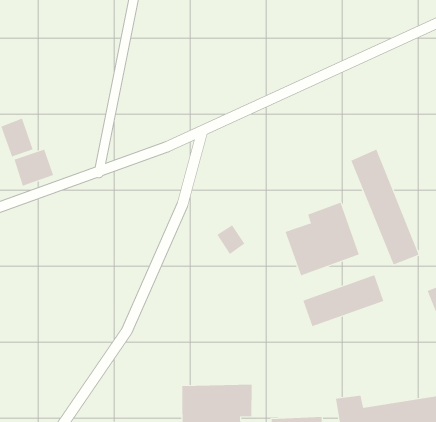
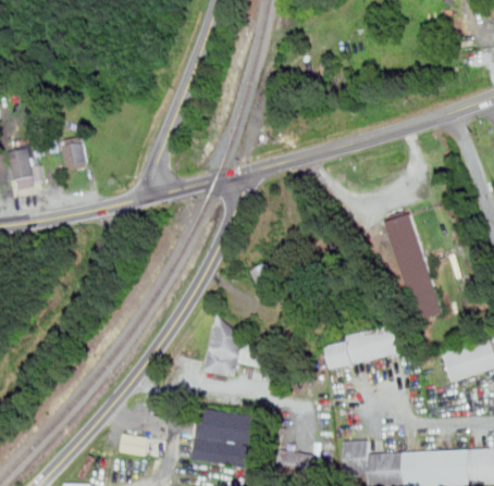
building: [14,149,54,186] -> none
building: [285,202,359,276] -> none
building: none -> [200,315,260,378]

